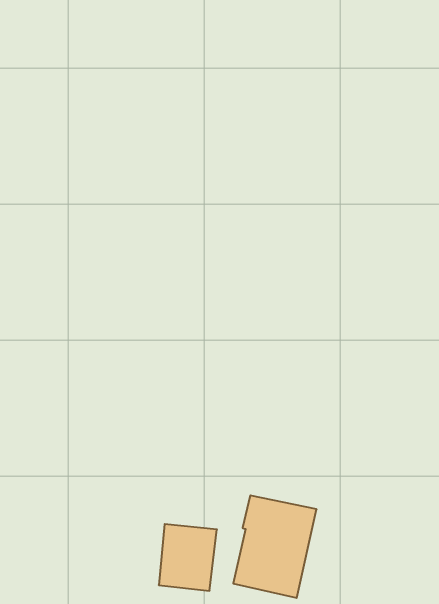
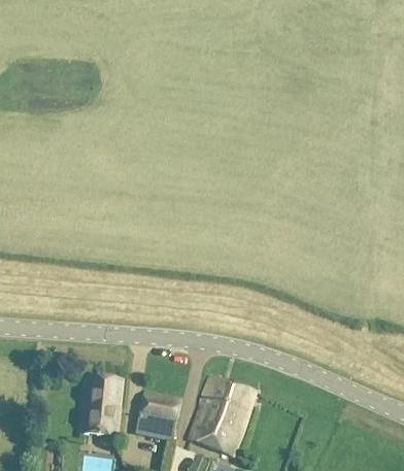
building: none -> [83,375,122,436]

